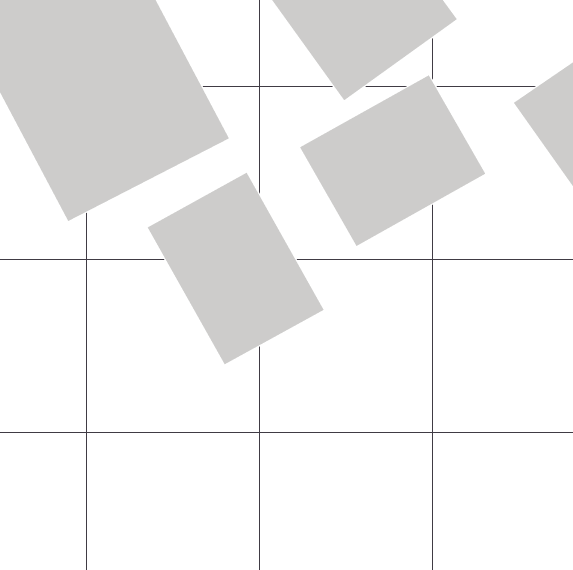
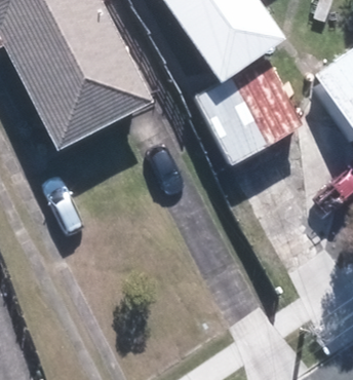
building: [147,172,325,365] -> none

